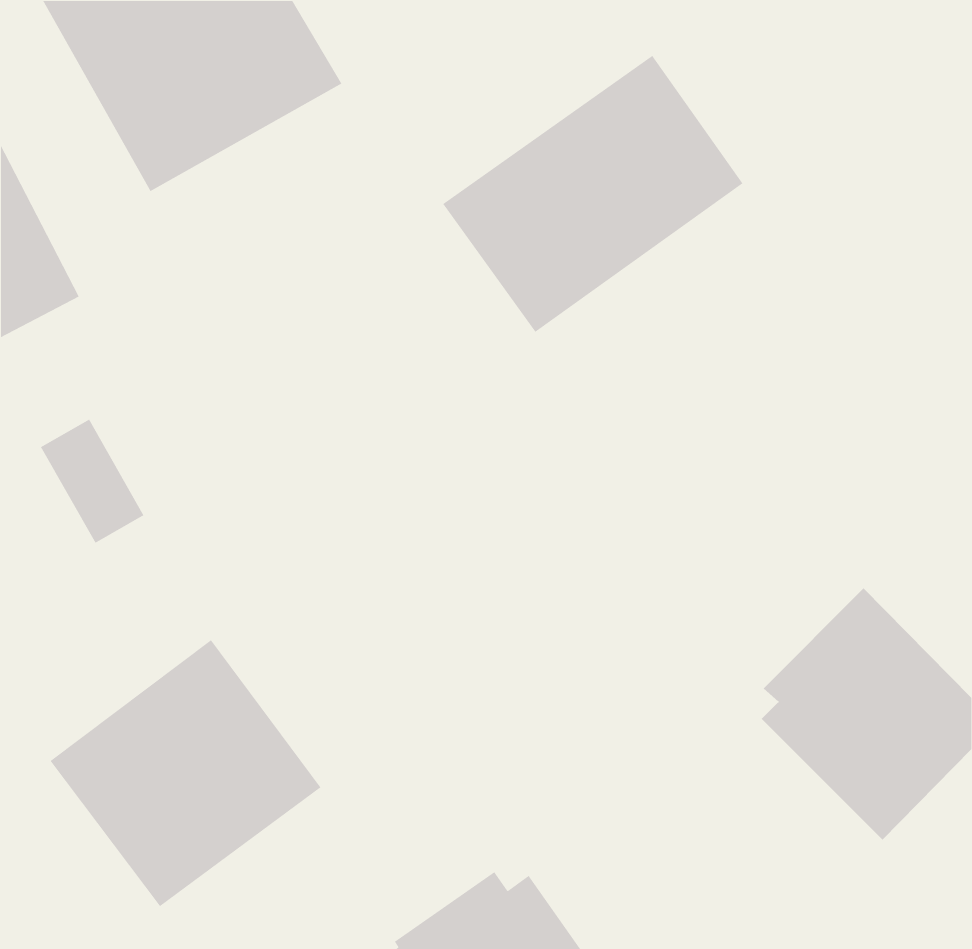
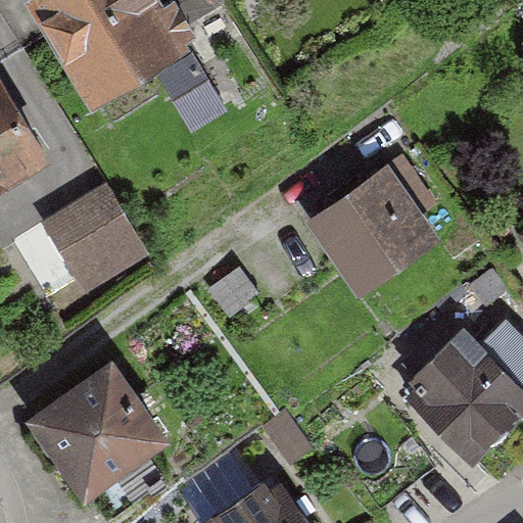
building: [442,55,744,333] -> none
building: none -> [307,165,440,294]
building: none -> [46,190,150,295]

